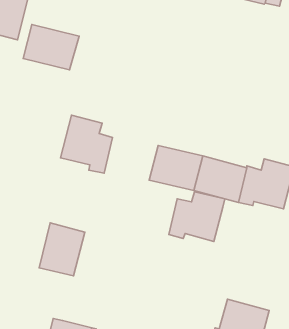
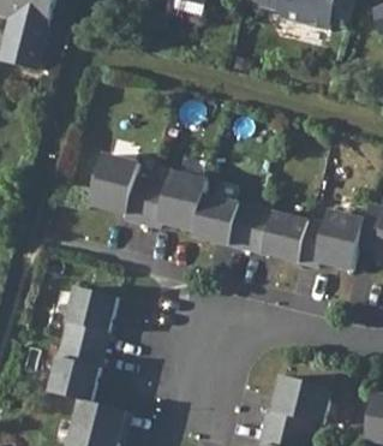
building: [23,25,79,70] -> none
building: [169,192,225,242] -> [138,176,204,234]
building: none -> [48,338,102,400]

